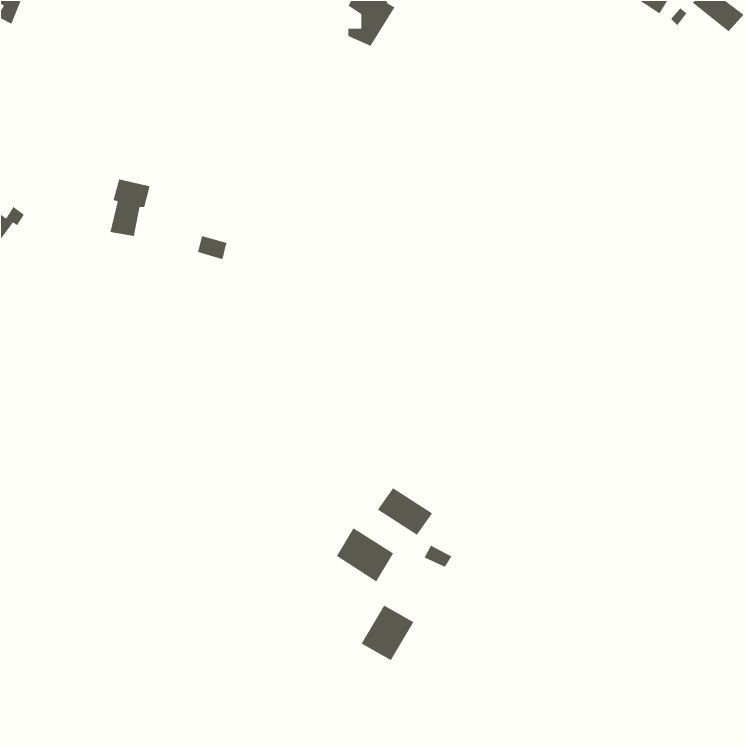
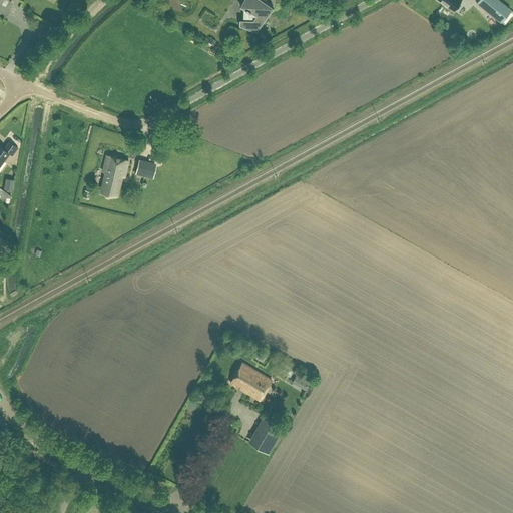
building: [110,179,151,237] -> [100,155,128,195]
building: [377,487,433,536] -> none

